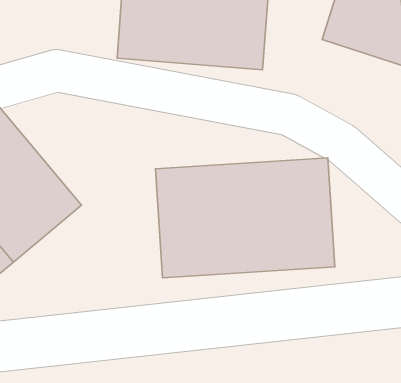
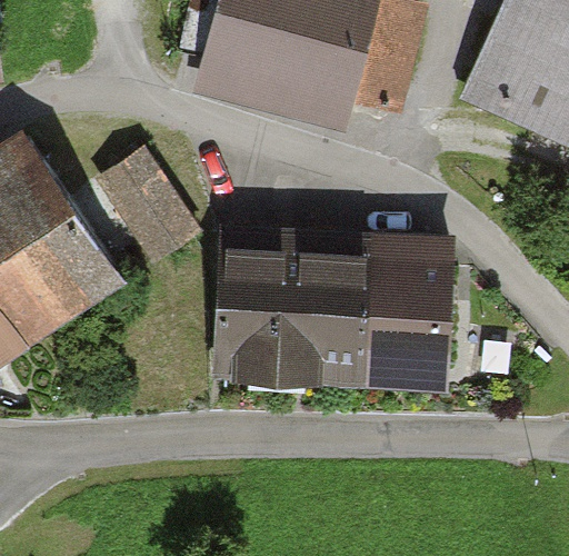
building: none -> [96,149,202,267]

